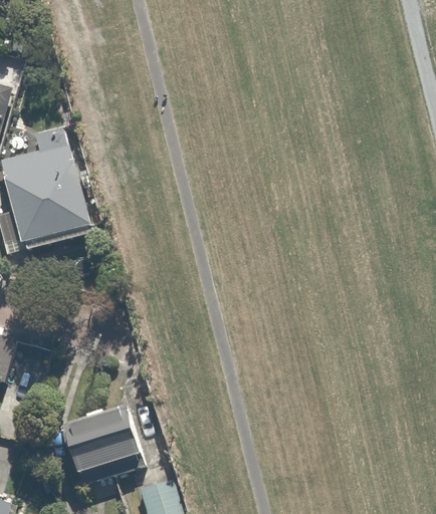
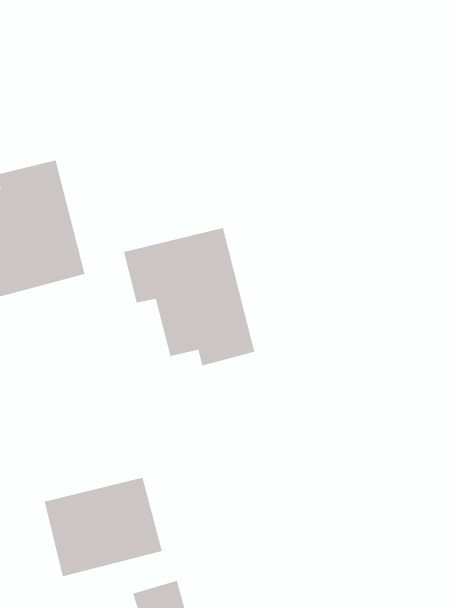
building: none -> [123,227,255,366]

